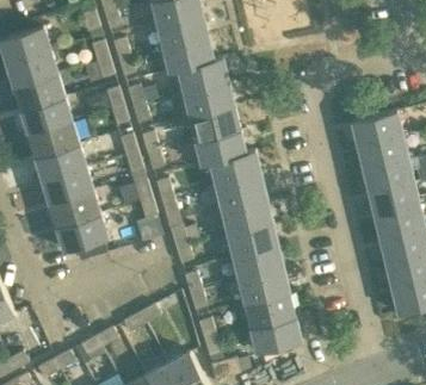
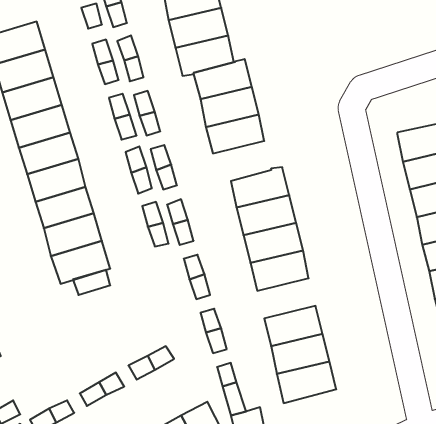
building: [195,128,245,164] -> none
building: [233,246,283,280] -> none

